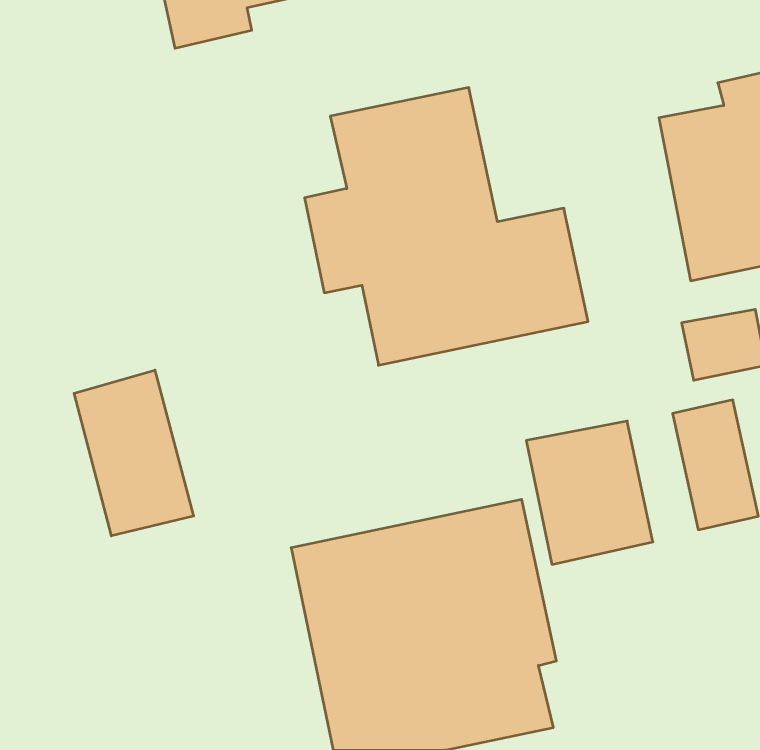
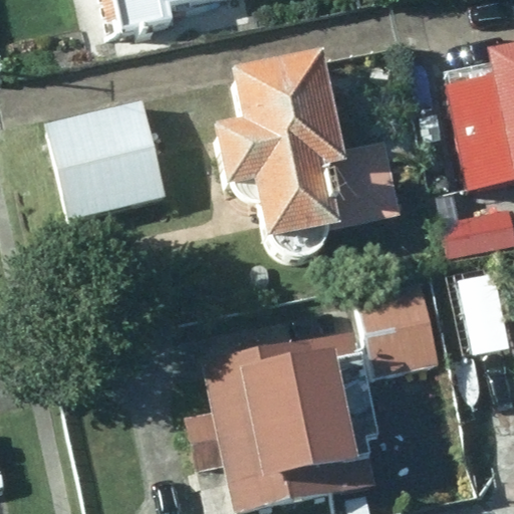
building: none -> [44,97,168,221]
building: [74,370,194,536] -> none

